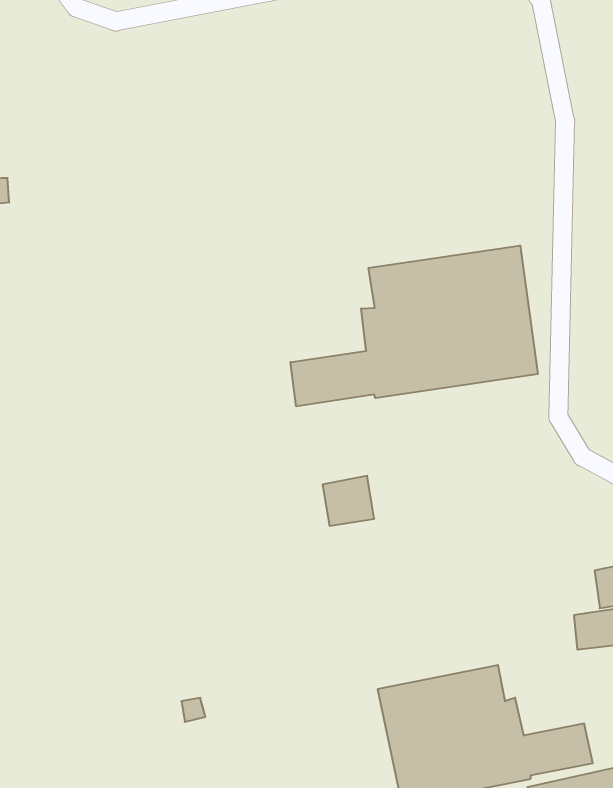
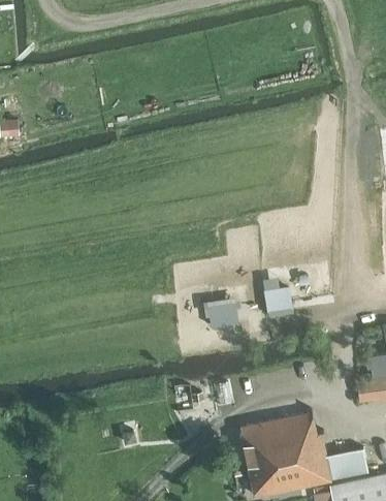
building: [290,245,538,406] -> none
building: none -> [263,287,291,318]

